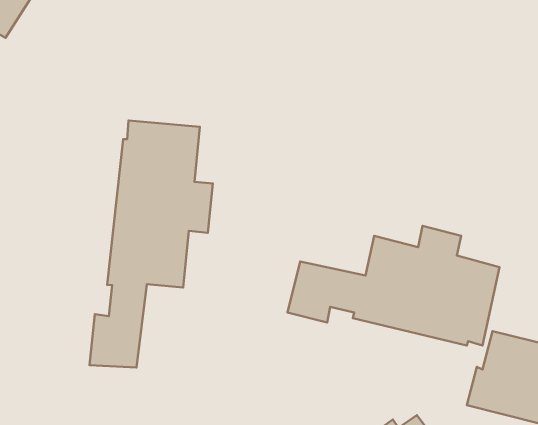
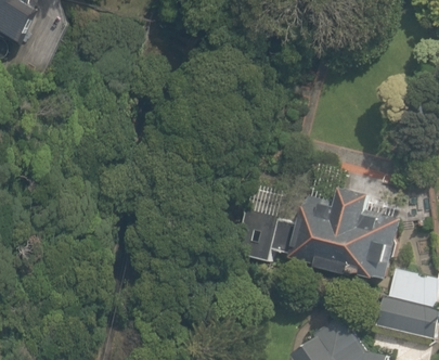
building: [89,121,213,367] -> none

